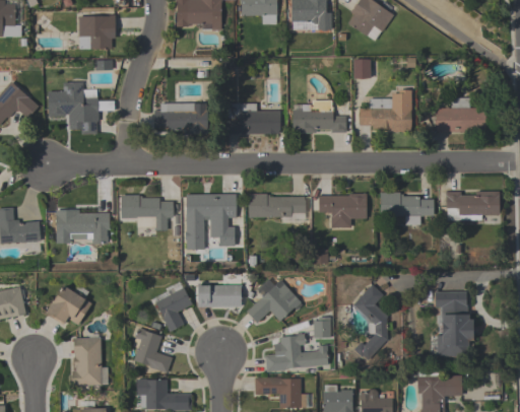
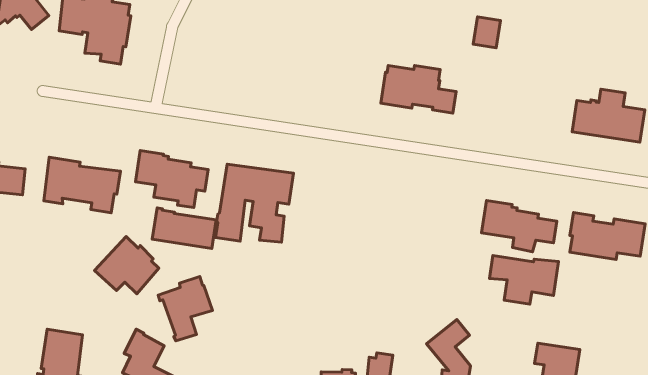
building: [360,91,412,133] -> none
building: [154,104,208,135] -> none
building: [226,105,280,135] -> none
building: [249,194,307,218] -> none
building: [319,194,368,228] -> [489,255,559,304]
building: [247,280,302,323] -> none
building: [197,283,242,306] -> [152,208,216,248]
building: [45,284,91,325] -> [95,237,159,294]

